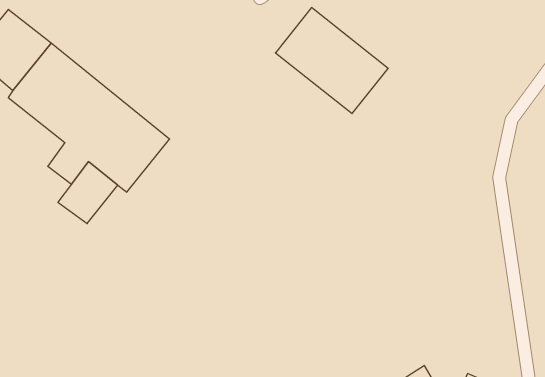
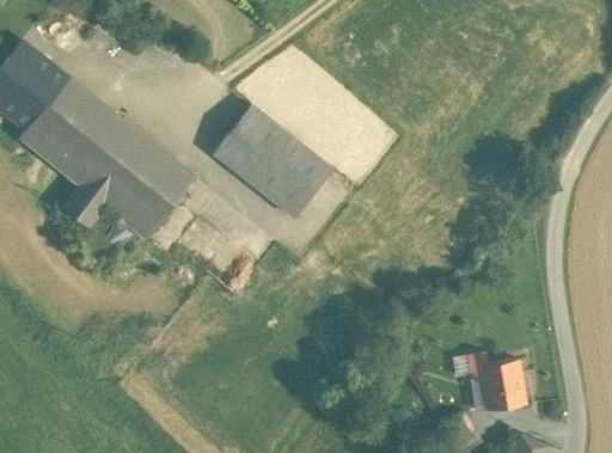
building: [275,8,388,114] -> [214,105,333,218]
building: none -> [470,351,526,411]

